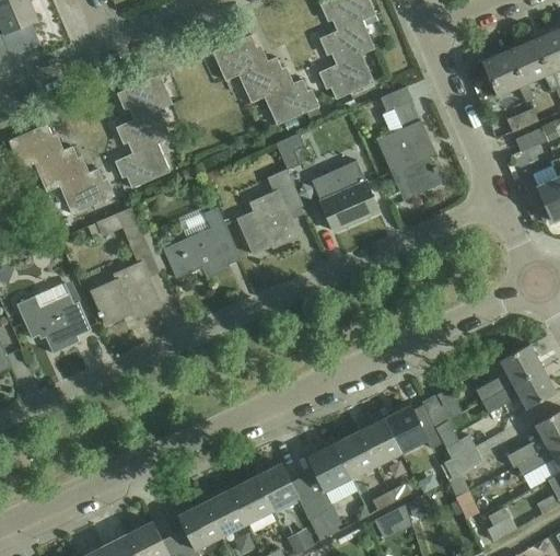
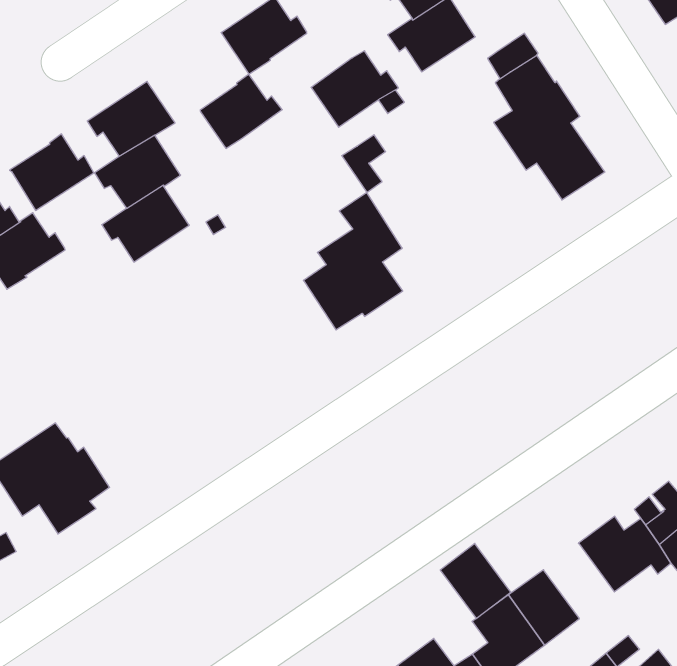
building: [241,57,293,102] -> [200,74,282,148]
building: [311,161,378,232] -> none
building: [60,169,114,215] -> [10,134,94,210]
building: [90,208,161,324] -> none
building: [164,209,240,278] -> none
building: [359,418,401,466] -> [440,543,511,619]

